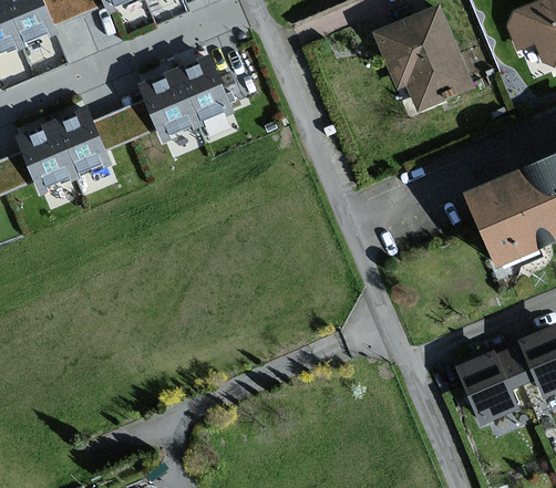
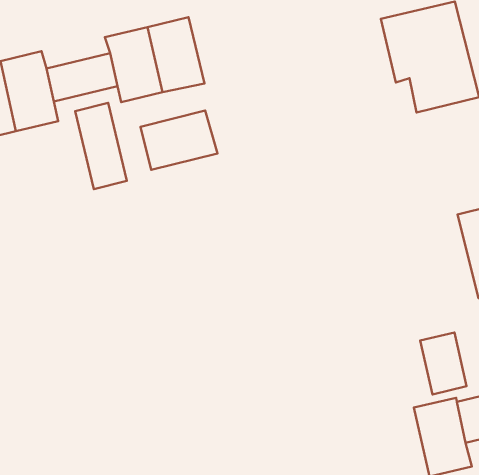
building: none -> [141,110,217,170]
building: none -> [75,103,127,189]
building: none -> [420,332,467,394]

